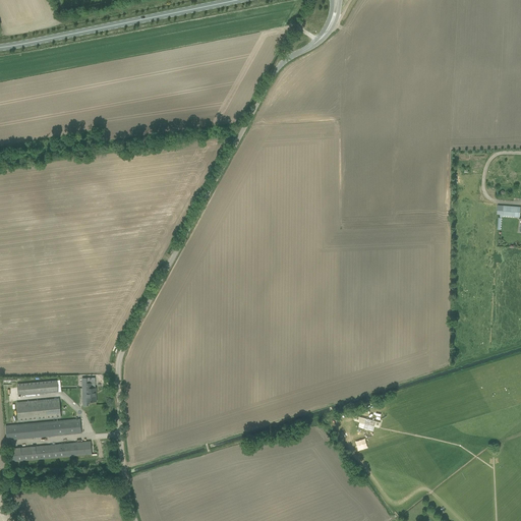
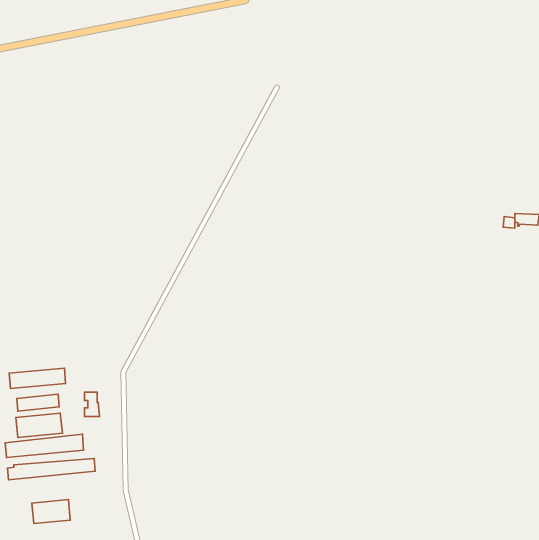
building: none -> [9,368,66,389]
building: none -> [32,500,70,524]

